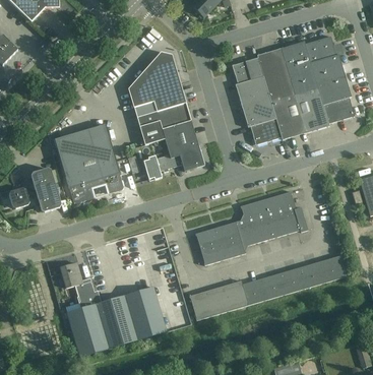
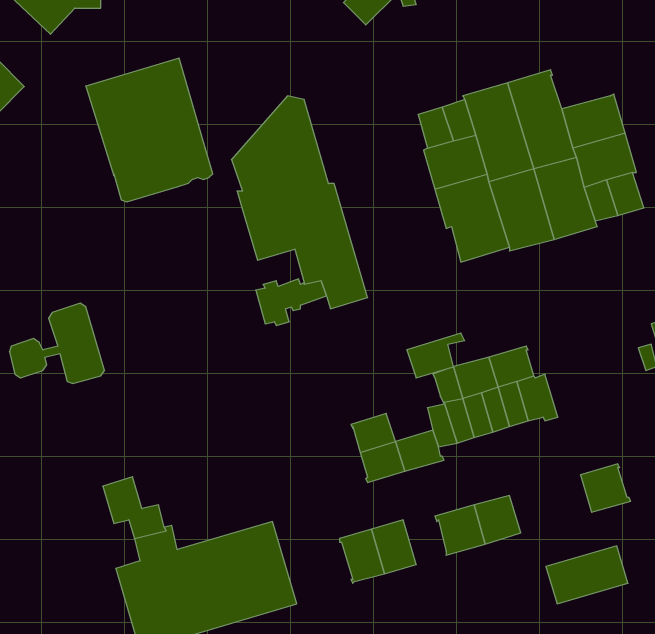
building: [304,36,336,62] -> none
building: [54,124,123,202] -> [86,58,213,202]
building: [214,218,246,243] -> [407,333,465,378]
building: [282,261,326,293] -> [546,546,628,604]
building: [224,280,247,310] -> none

